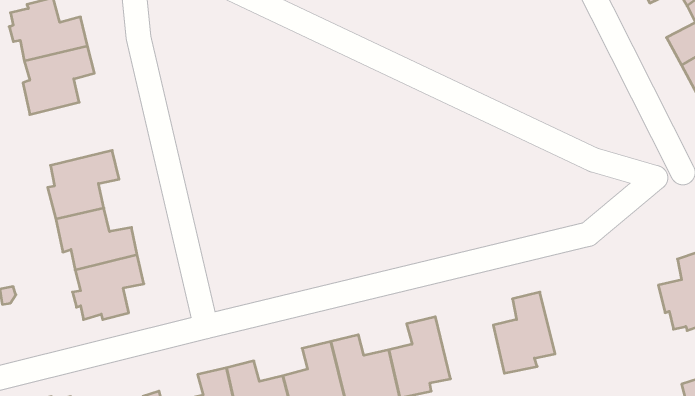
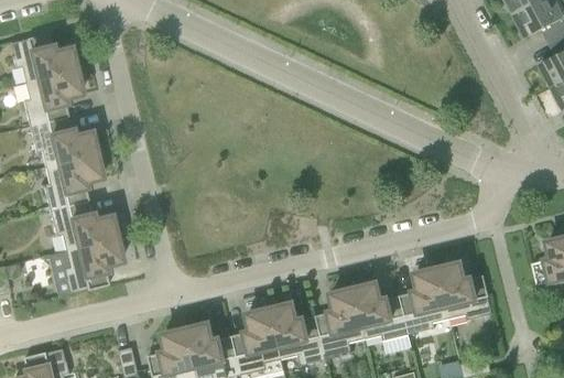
building: none -> [29,116,95,166]
building: none -> [437,262,489,320]
building: none -> [354,282,409,339]

